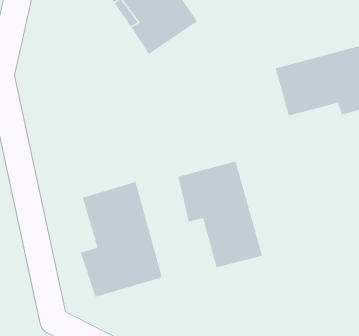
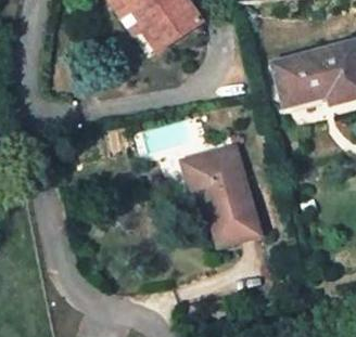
building: [80,181,163,297] -> none

